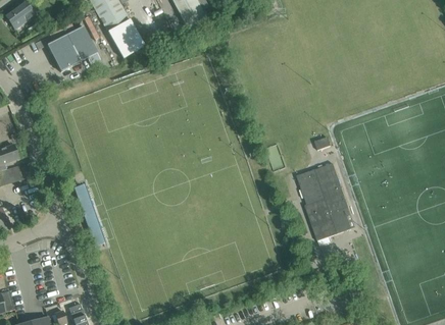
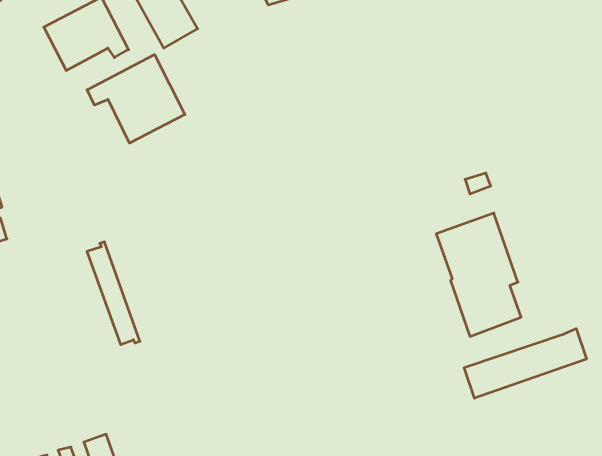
building: none -> [87,55,185,143]
building: none -> [464,329,586,398]

